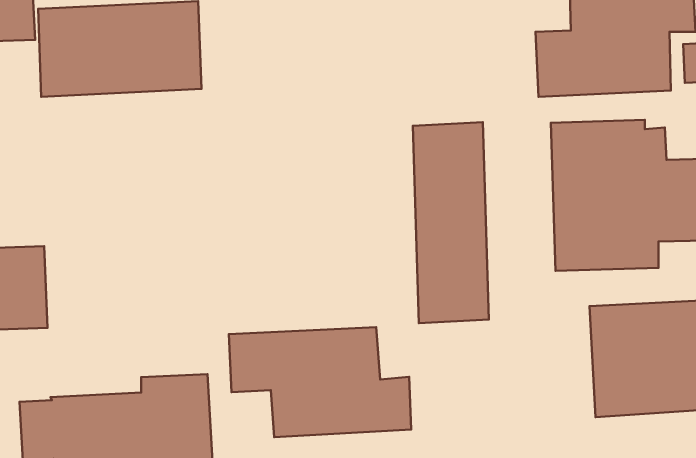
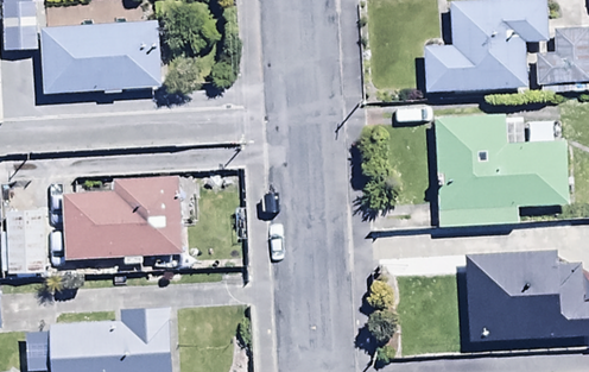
building: [413,122,489,323] -> none
building: none -> [62,177,183,263]
building: [229,327,411,437] -> none

